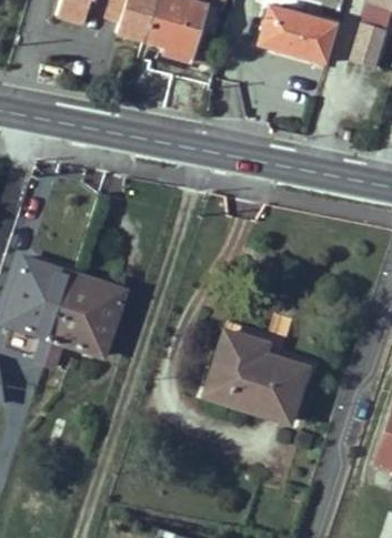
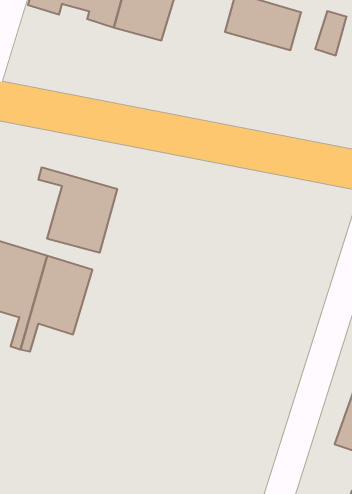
building: none -> [39,167,117,253]
building: [198,331,306,429] -> none

